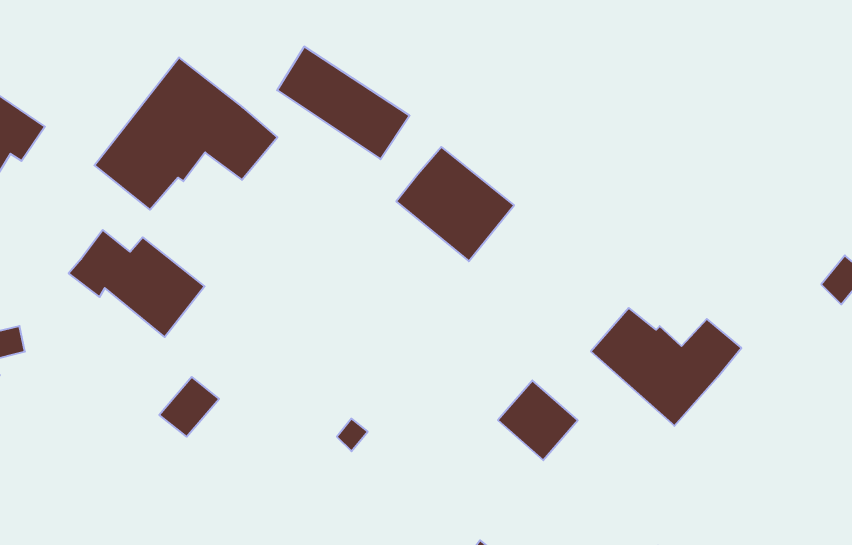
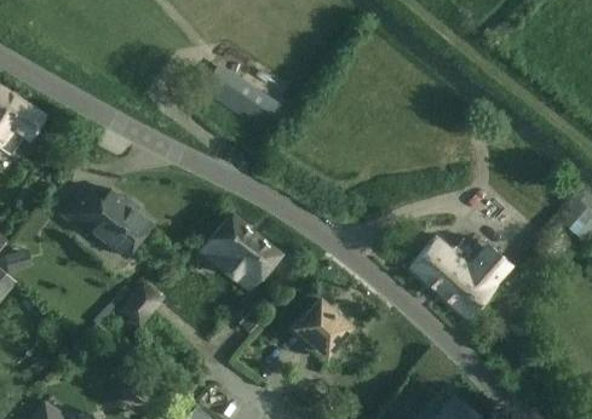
building: [94,57,277,210] -> none
building: [396,147,514,261] -> [202,214,281,291]
building: [498,380,578,460] -> [297,299,350,352]

